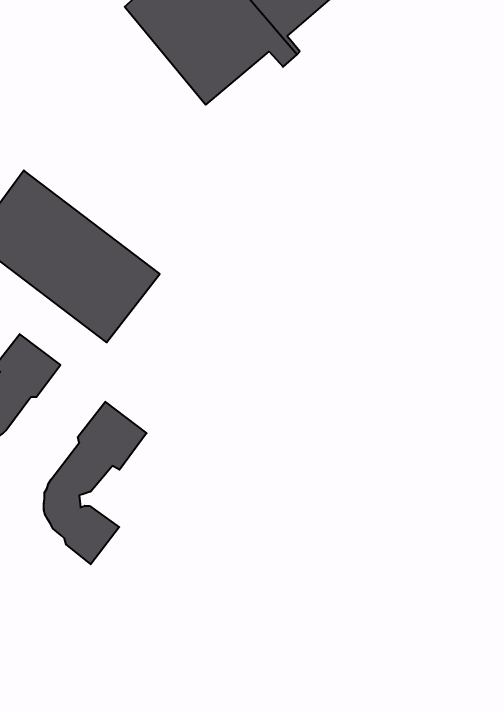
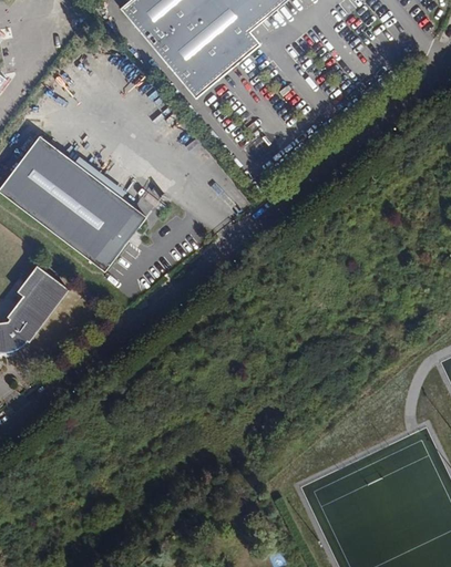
building: none -> [184,41,245,96]
building: [44,402,147,564] -> none

